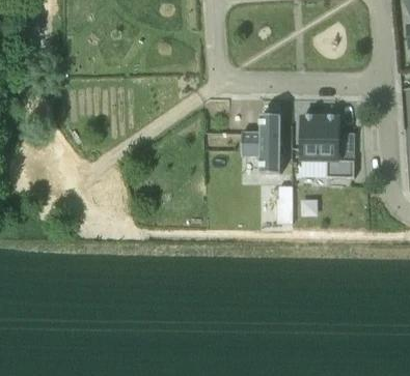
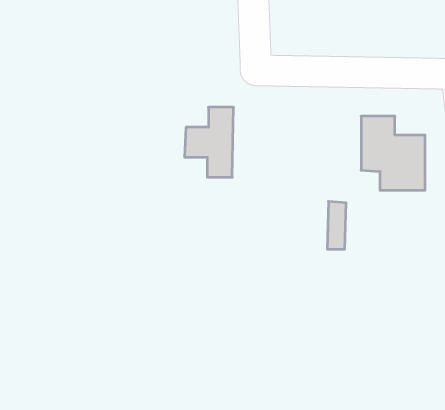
building: [240,114,280,172] -> [185,107,234,177]

